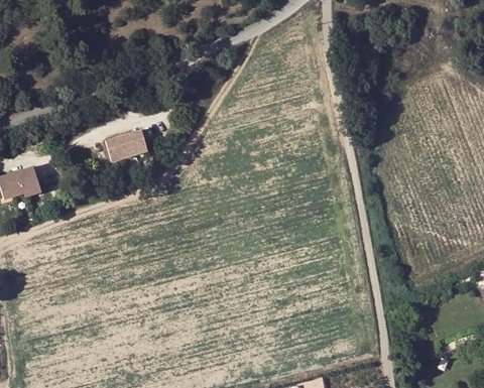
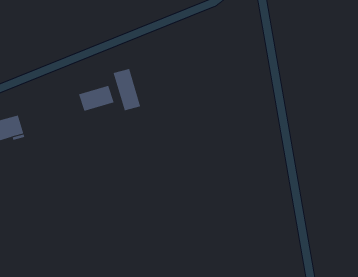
building: none -> [113,68,141,111]

